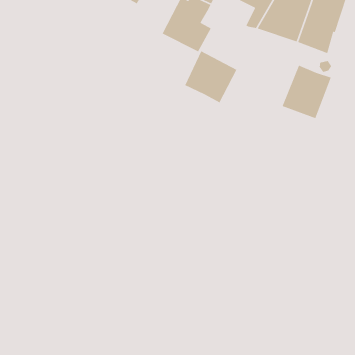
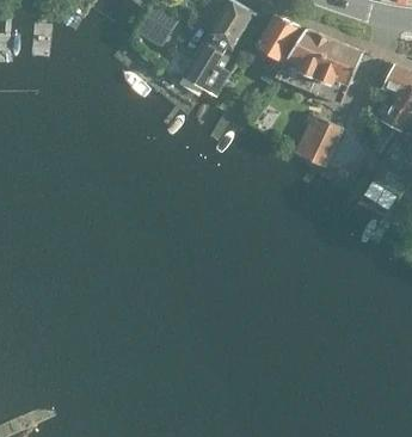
building: [184,50,238,104] -> none

